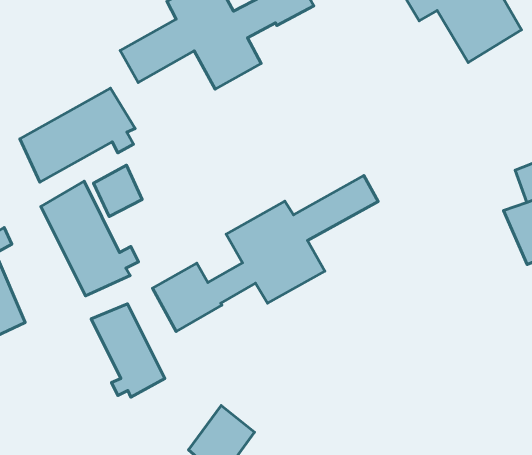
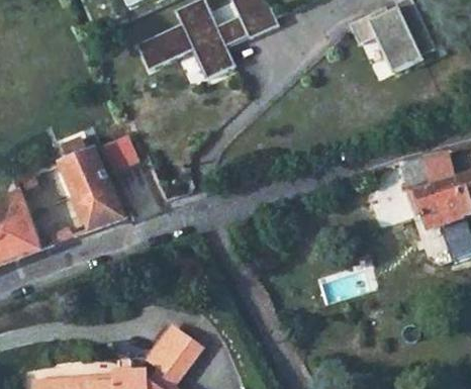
building: [20,88,135,182] -> none
building: [152,176,378,331] -> none
building: [91,304,165,397] -> none

